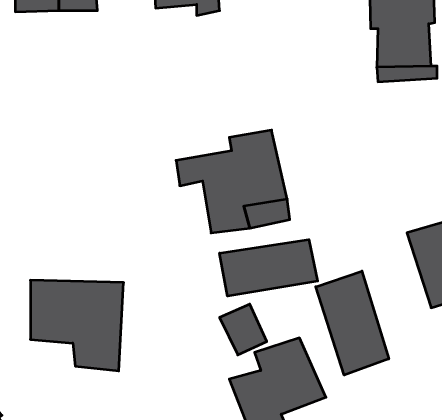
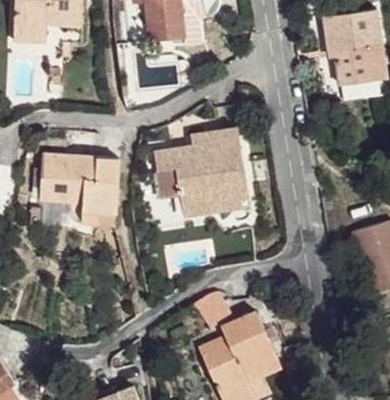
building: [220,240,318,296] -> none
building: [316,271,389,375] -> none
building: [30,280,124,371] -> [43,154,121,231]

